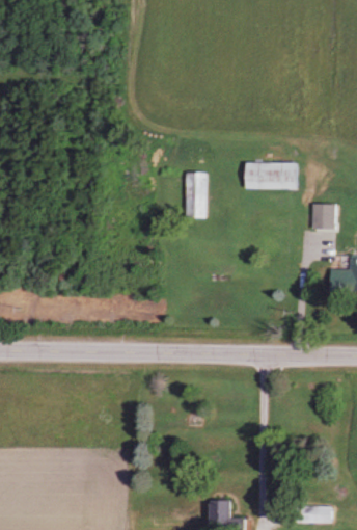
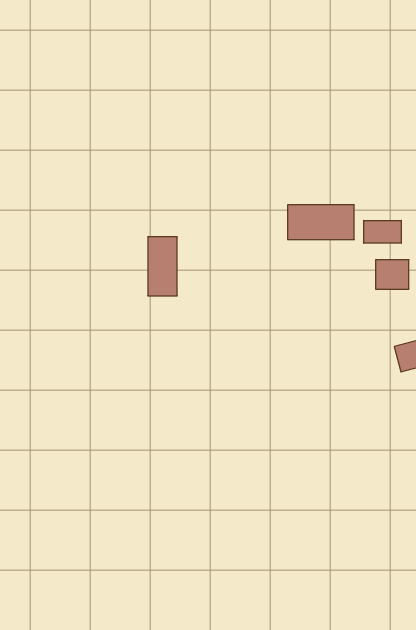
building: [185,173,208,218] -> [148,237,177,296]
building: none -> [364,220,401,243]

